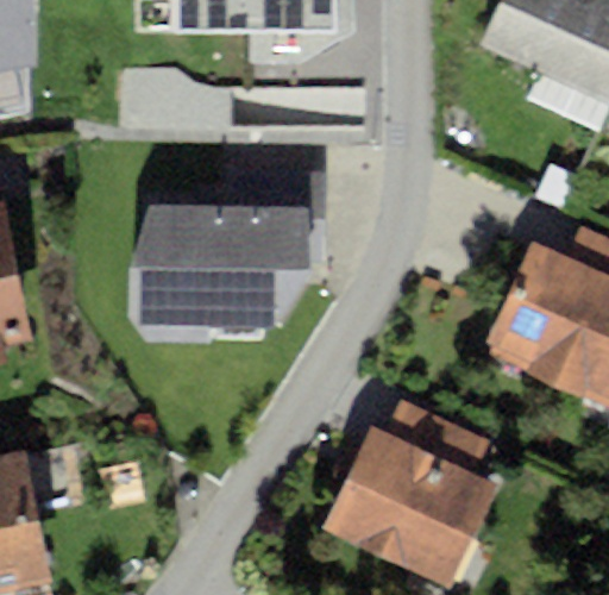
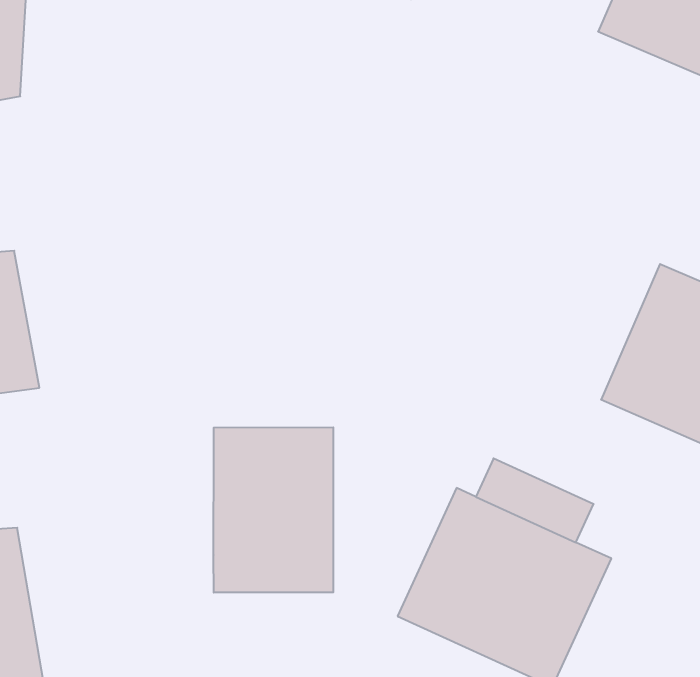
building: [140,208,322,343] -> none
building: none -> [214,427,333,593]

